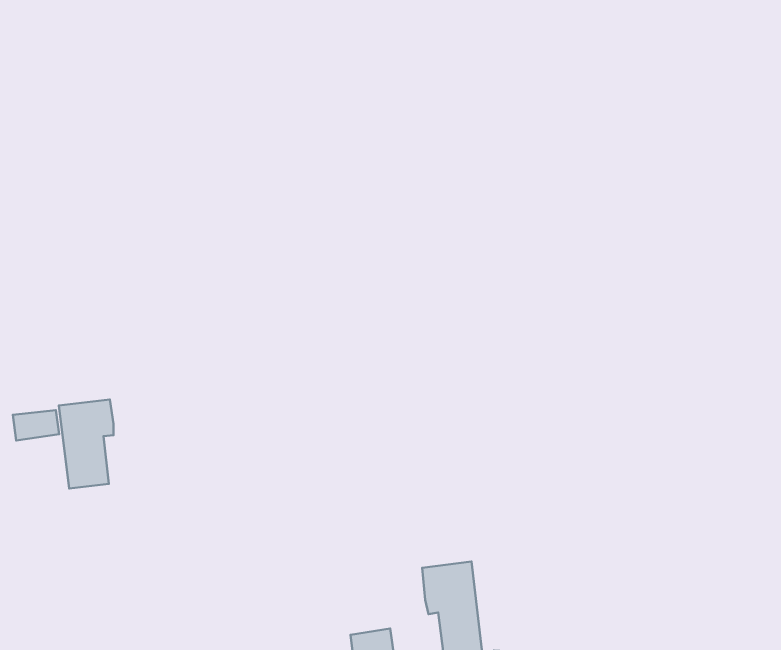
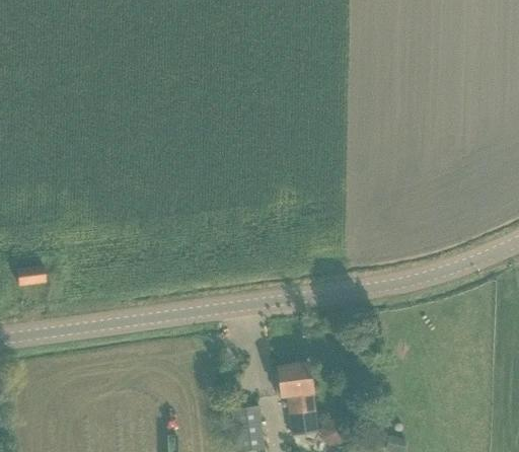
building: [59,399,114,489] -> none

